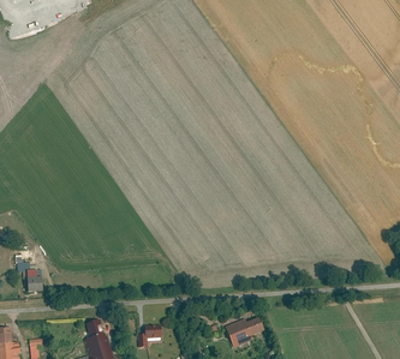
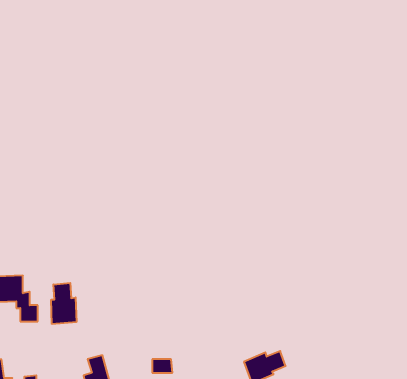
building: none -> [51,283,76,324]

